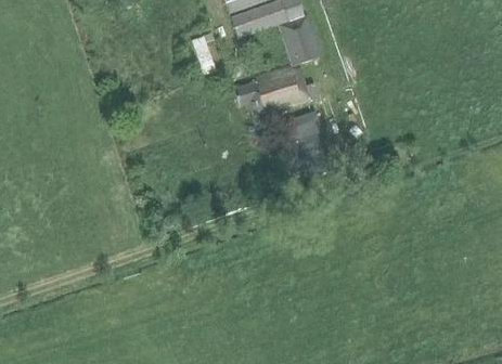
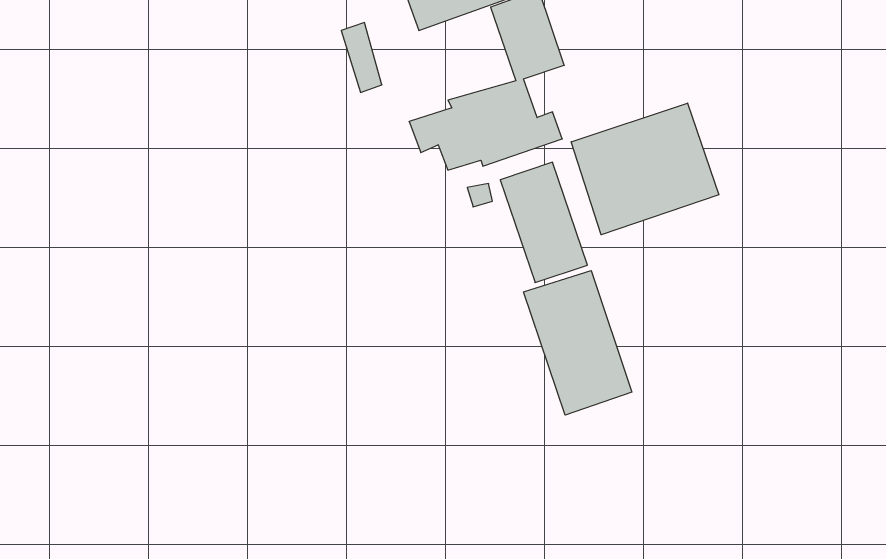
building: none -> [571,103,719,235]
building: none -> [523,271,632,415]

